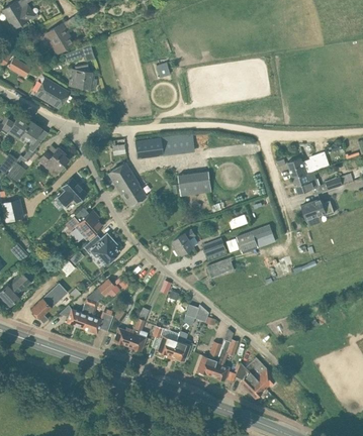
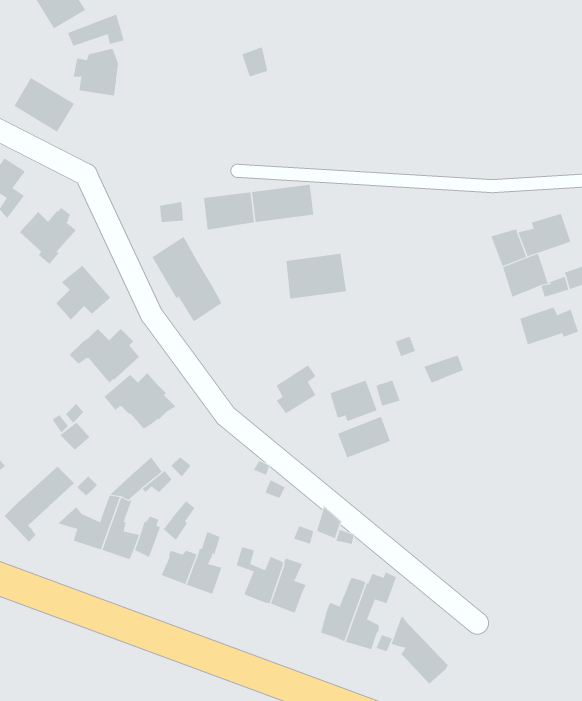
building: [245,356,276,388] -> none

